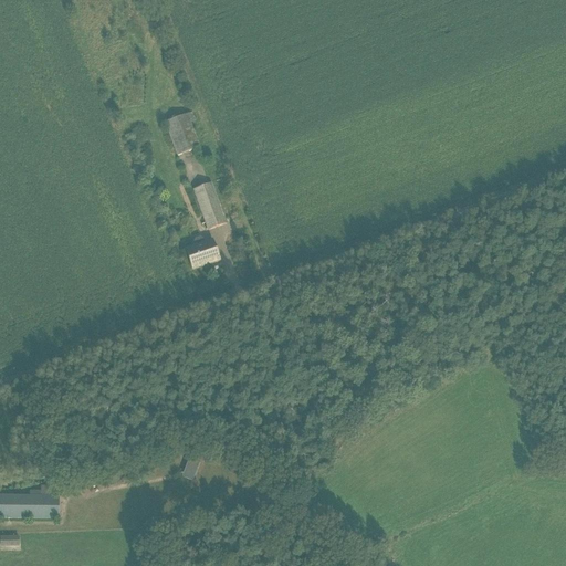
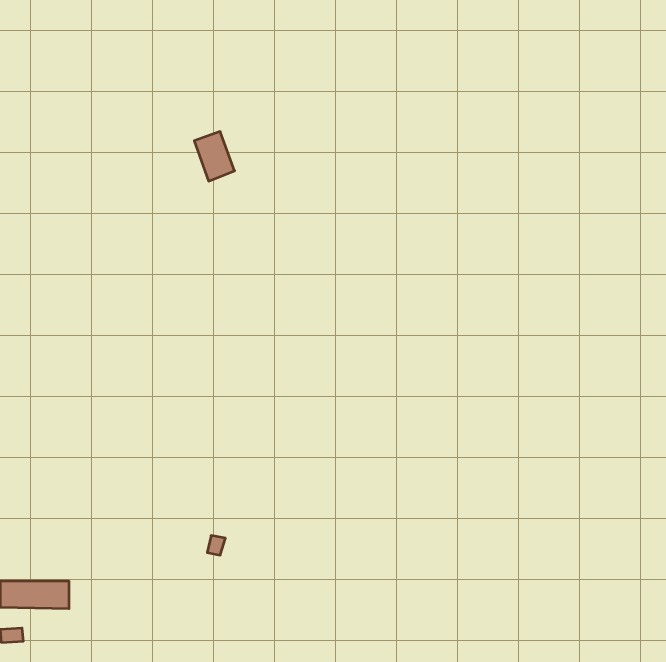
building: [193,181,226,228] -> none
building: [186,234,219,268] -> none

